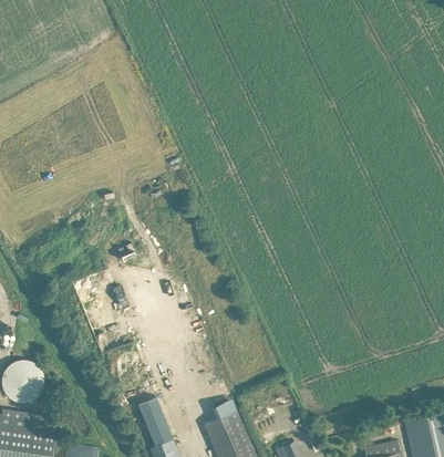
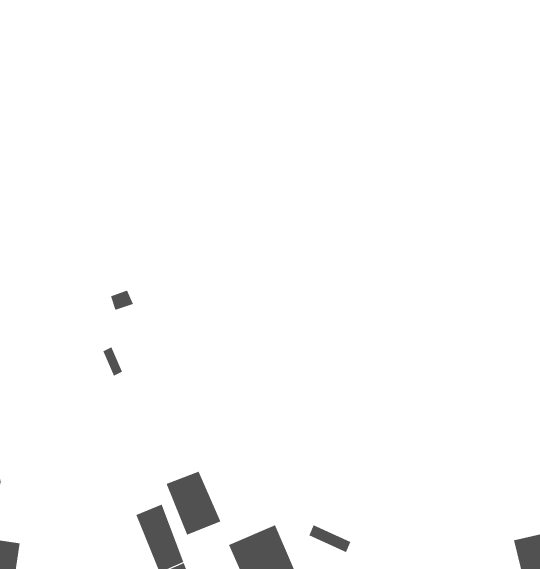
building: none -> [166,471,221,535]

